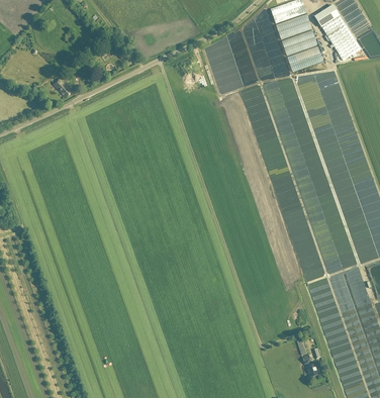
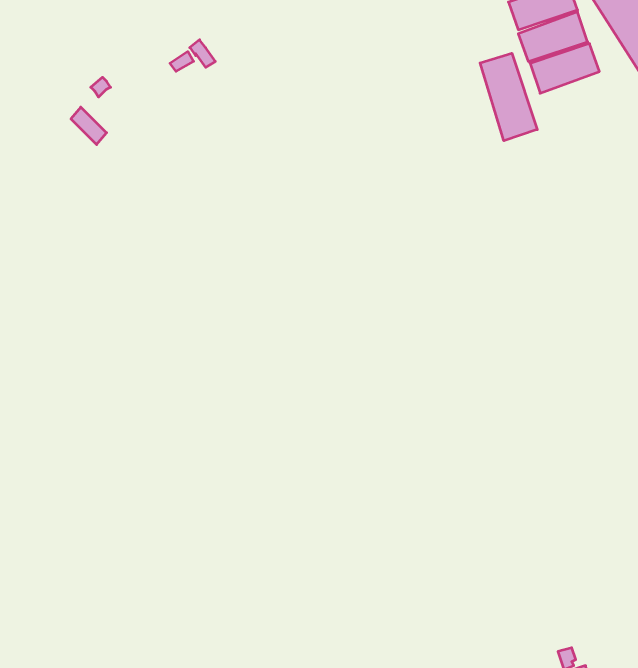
building: none -> [480,53,537,141]

